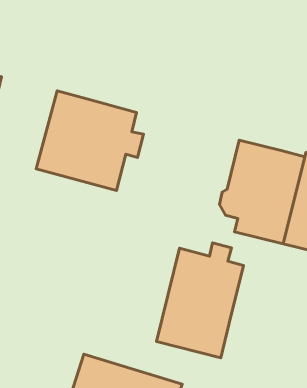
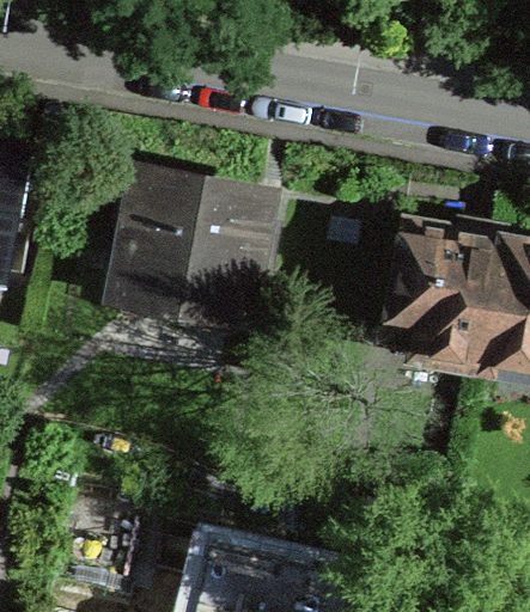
building: [156,243,243,358] -> none

